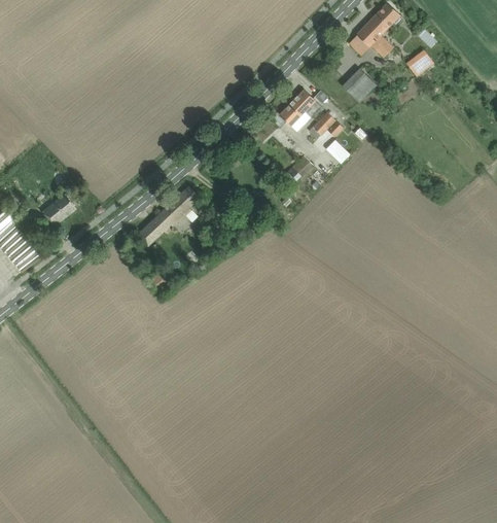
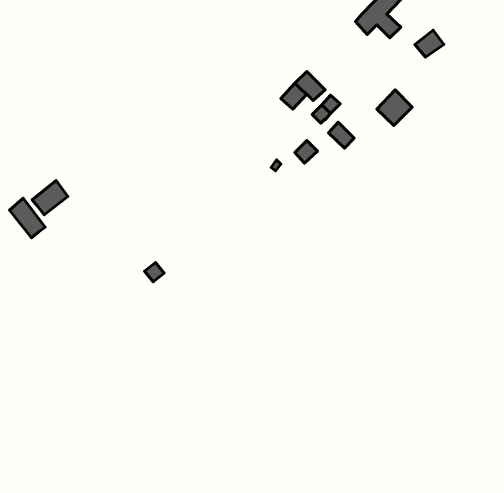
building: [343,69,377,103] -> [377,90,412,125]
building: [137,185,200,246] -> none
building: none -> [9,198,45,238]

